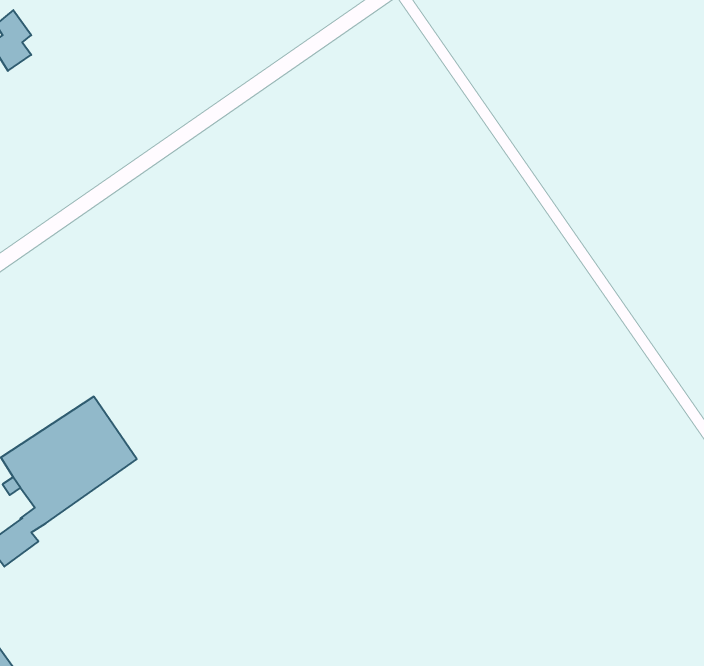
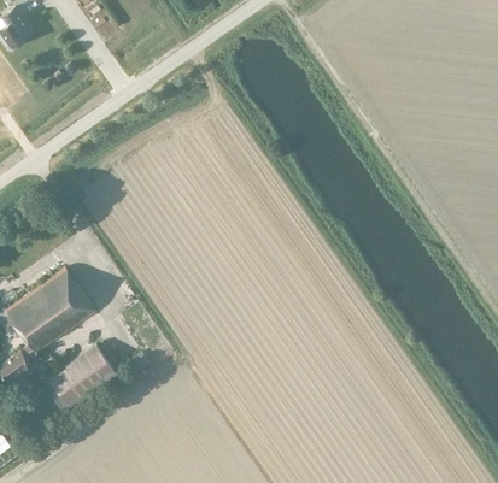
building: none -> [48,344,118,408]

